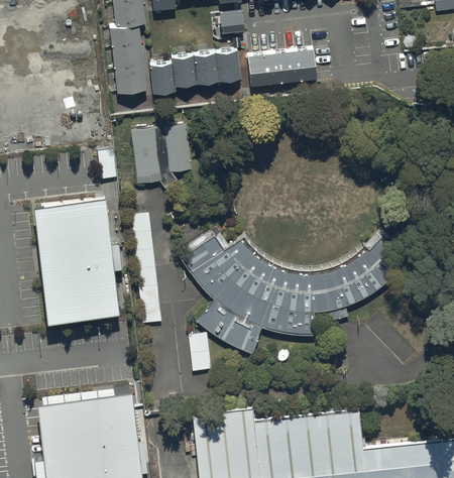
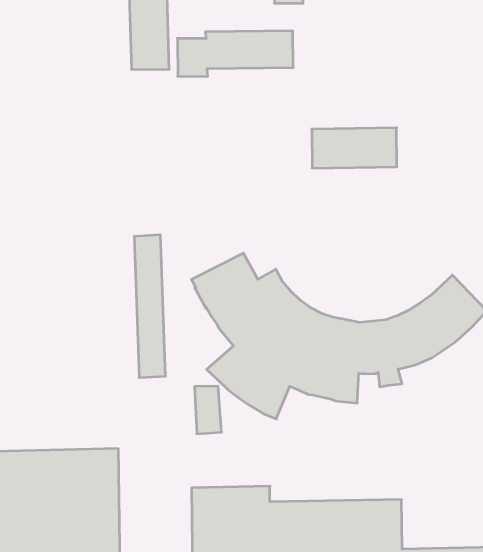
building: [247,50,316,88] -> [312,128,397,168]
building: [131,126,192,192] -> none
building: [34,196,119,320] -> none

